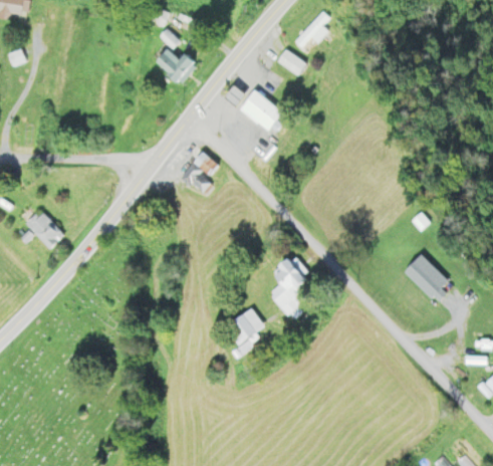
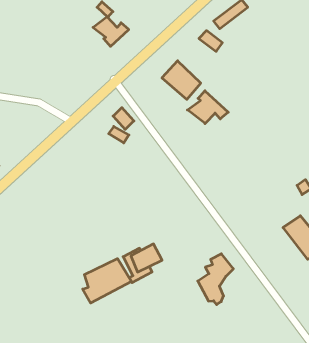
building: none -> [187,91,228,124]
building: [273,256,313,316] -> [198,254,233,305]
building: none -> [83,259,131,303]

